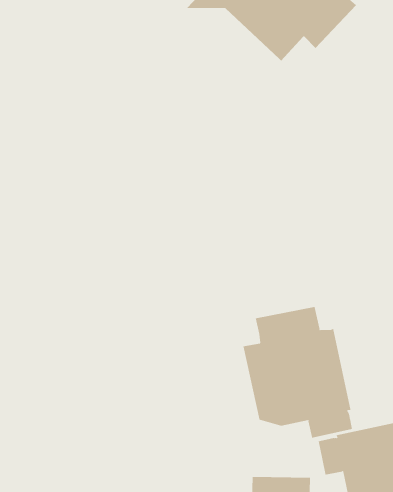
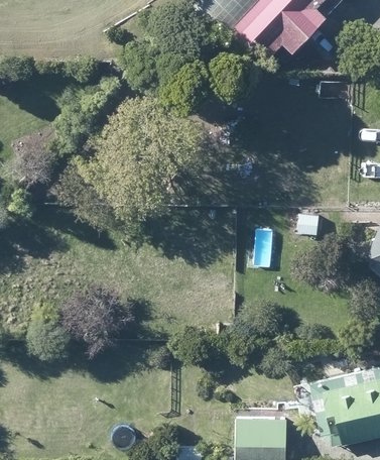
building: [243,306,353,438] -> none

